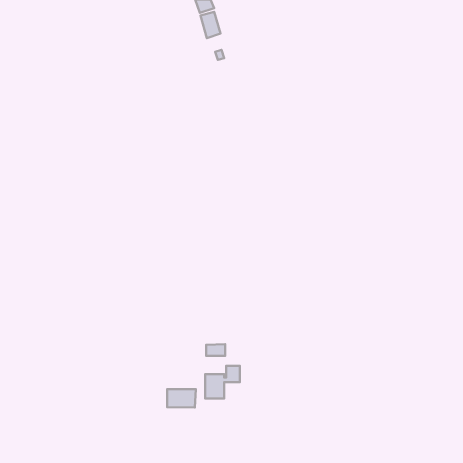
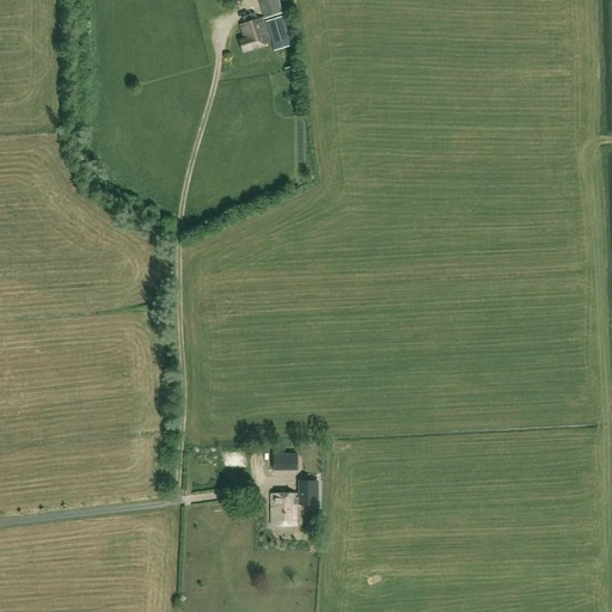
building: none -> [238,17,268,50]
building: [167,389,196,407] -> none

